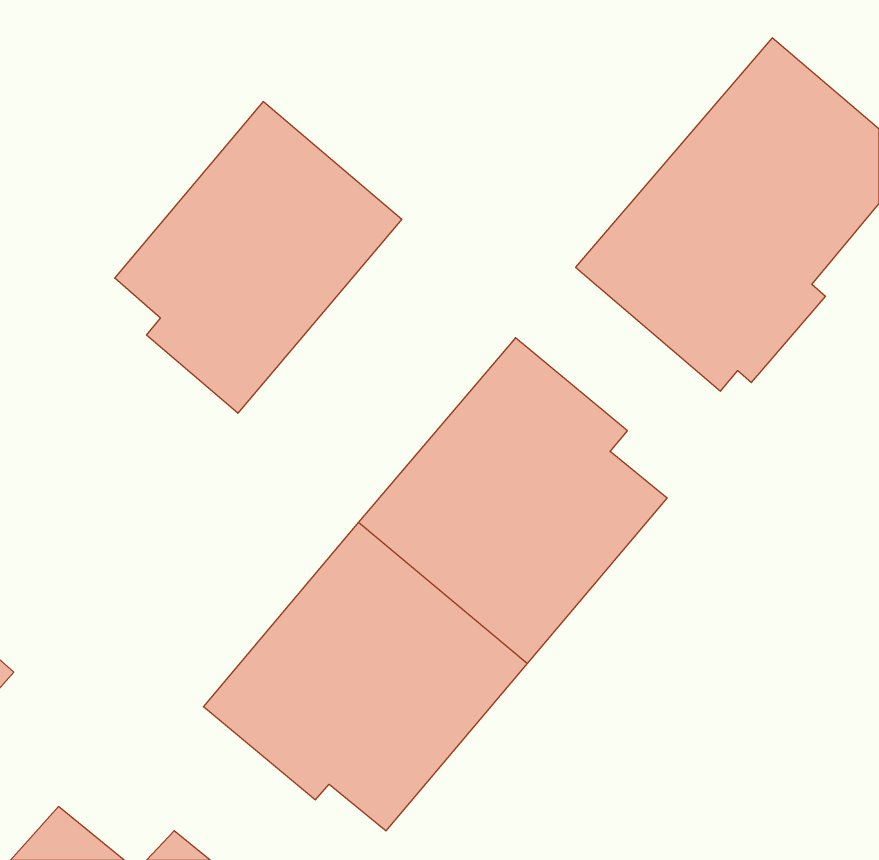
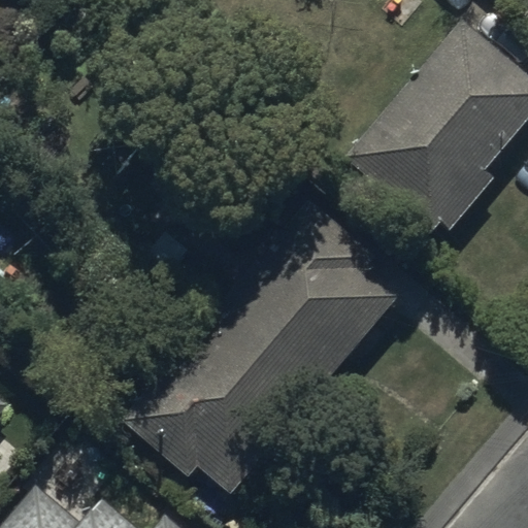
building: [115,102,402,413] -> none

